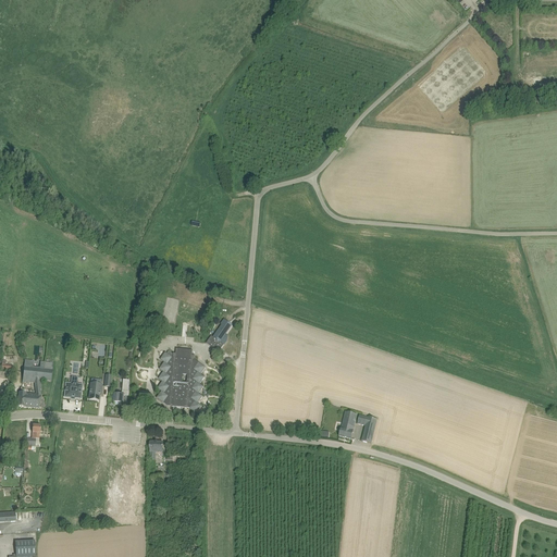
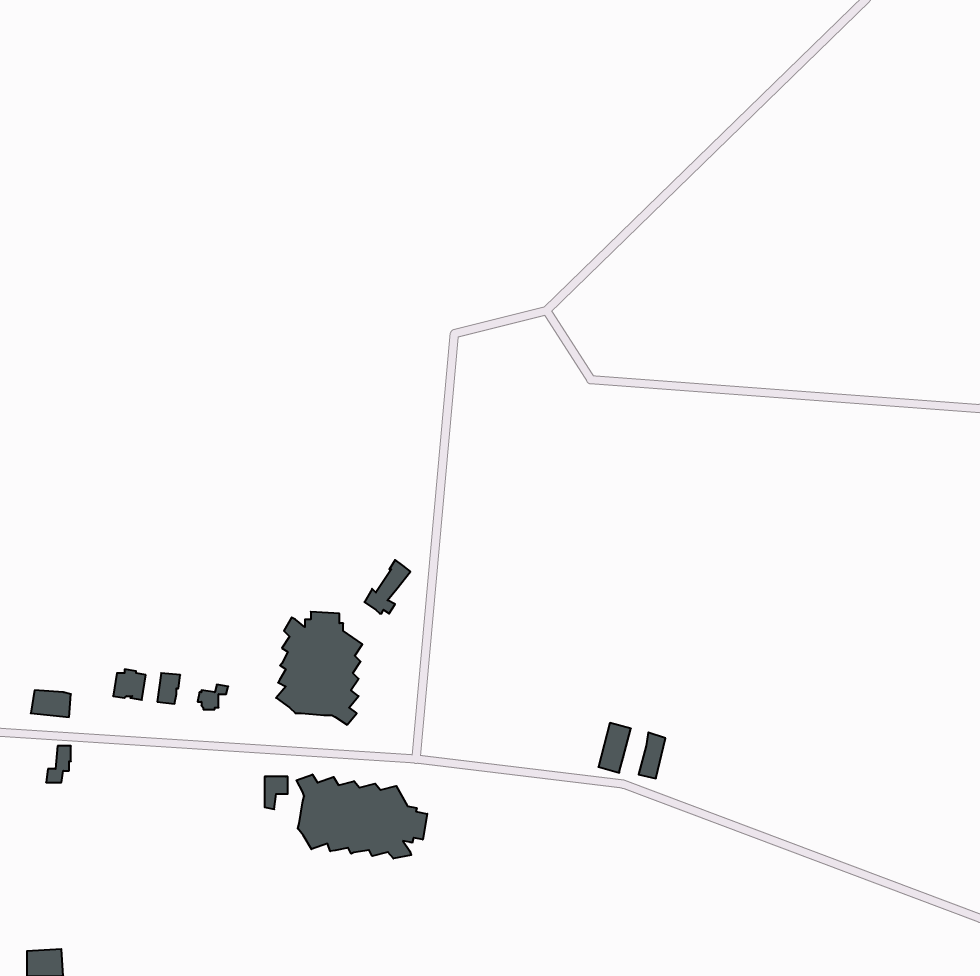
building: [22,358,52,384] -> none
building: none -> [296,774,427,859]

